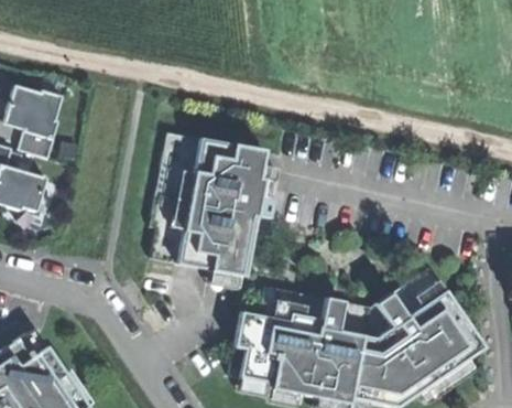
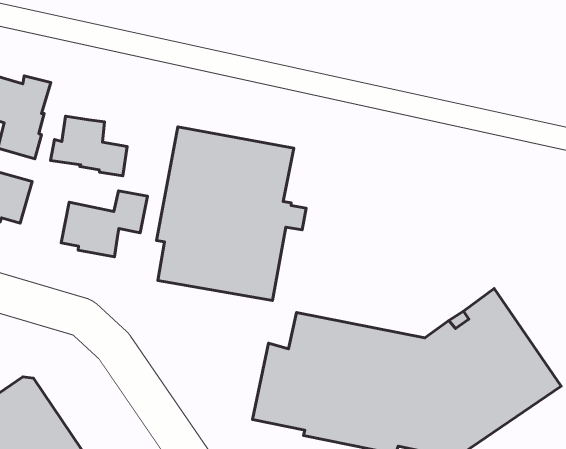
building: none -> [51,116,127,176]
building: none -> [61,191,147,257]

